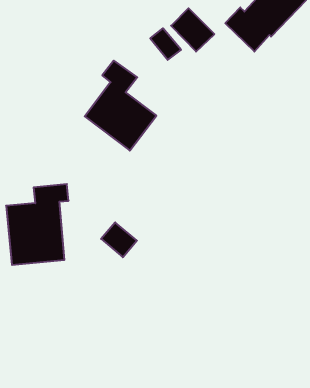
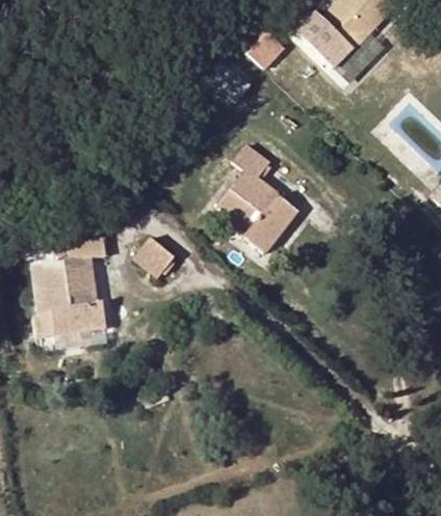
building: [85,61,156,151] -> [209,141,299,253]
building: [101,222,137,257] -> [132,236,177,279]

